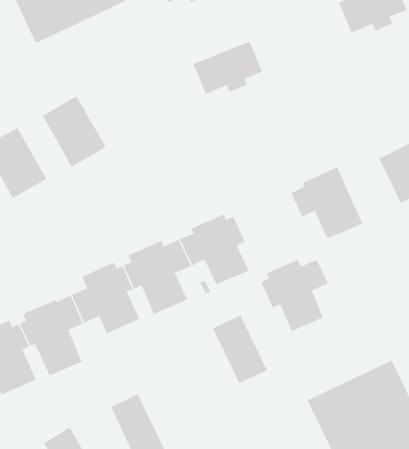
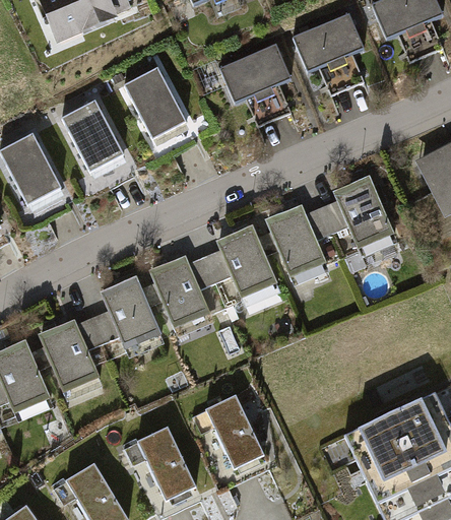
building: none -> [293,12,366,69]
building: none -> [121,67,190,143]
building: [261,259,329,332] -> [262,205,334,282]
building: [212,315,268,384] -> [199,386,258,459]

